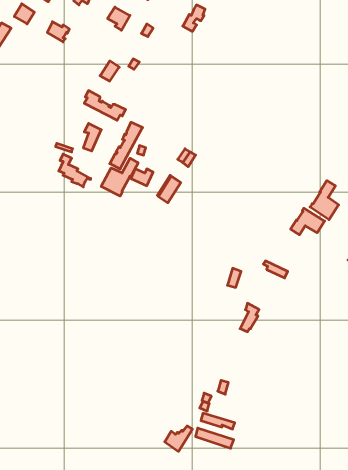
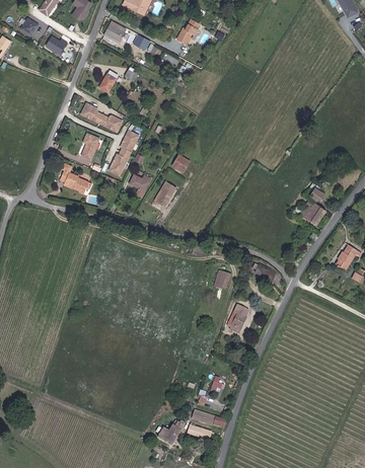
building: [101,158,138,196] -> none
building: [291,208,325,235] -> none

